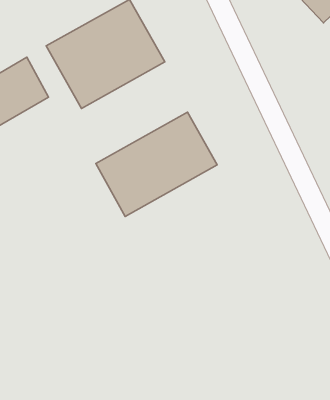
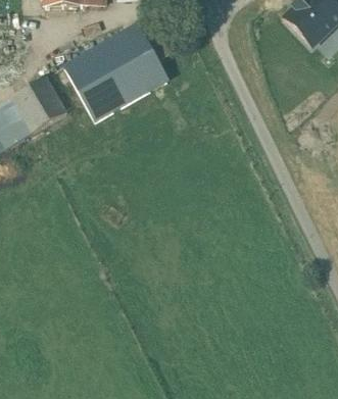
building: [96,112,217,216] -> none

